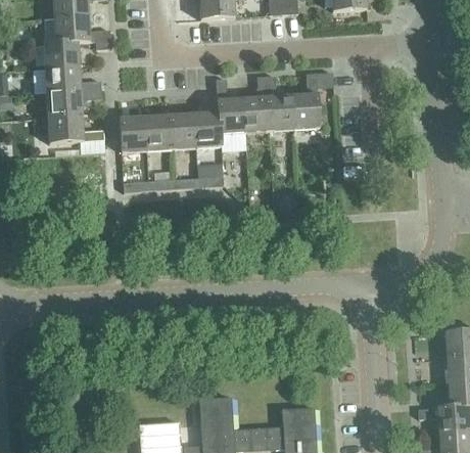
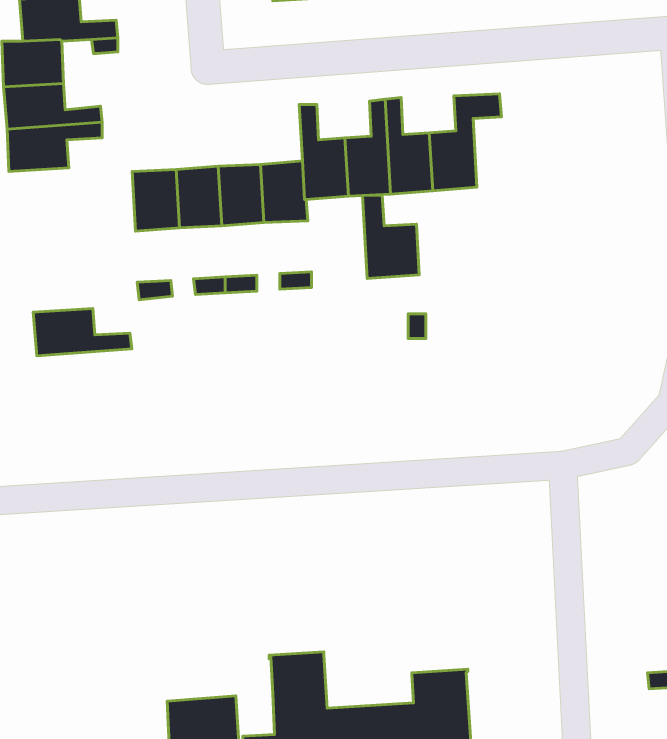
building: [47,116,104,143] -> [33,308,132,356]
building: none -> [363,195,419,278]

